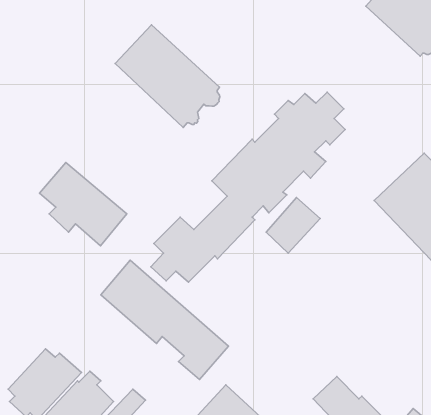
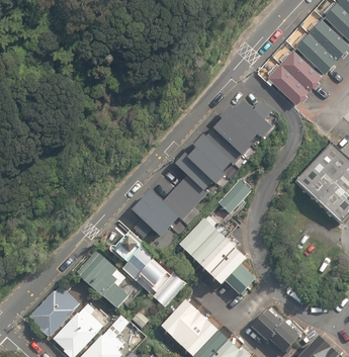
building: none -> [254,38,327,106]
building: [115,25,220,128] -> none
building: [39,163,127,246] -> [75,249,139,309]
building: none -> [180,215,258,295]

